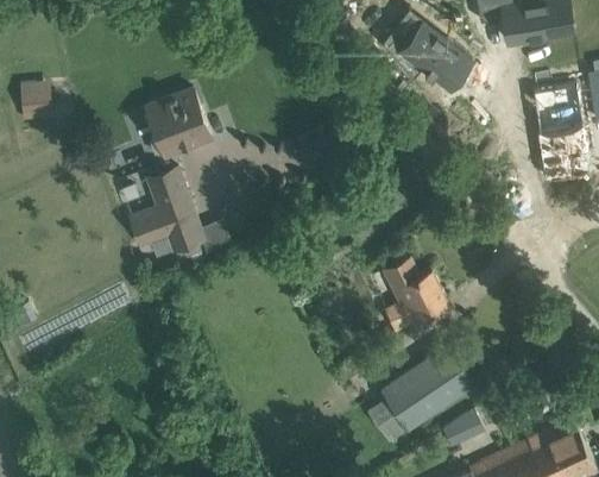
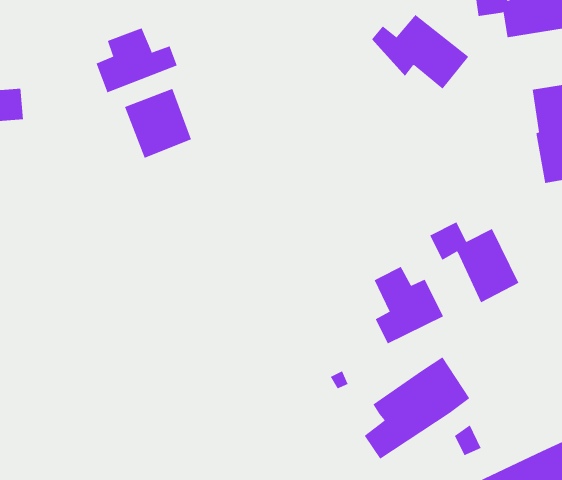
building: none -> [96,27,178,93]
building: [127,164,206,251] -> none
building: none -> [429,221,519,303]

